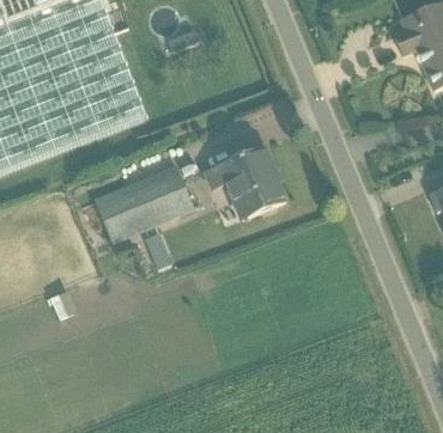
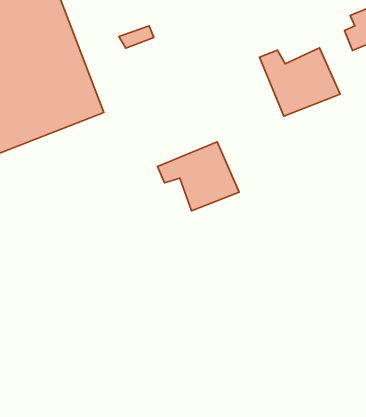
building: none -> [259,48,340,116]
building: [93,161,195,243] -> none

